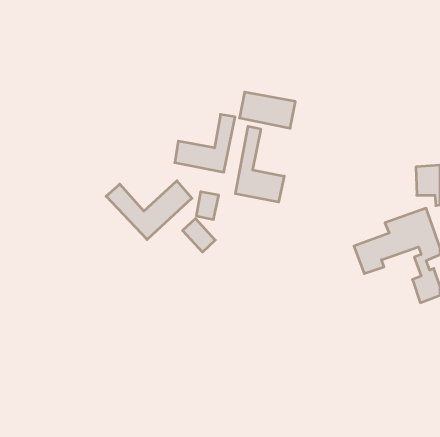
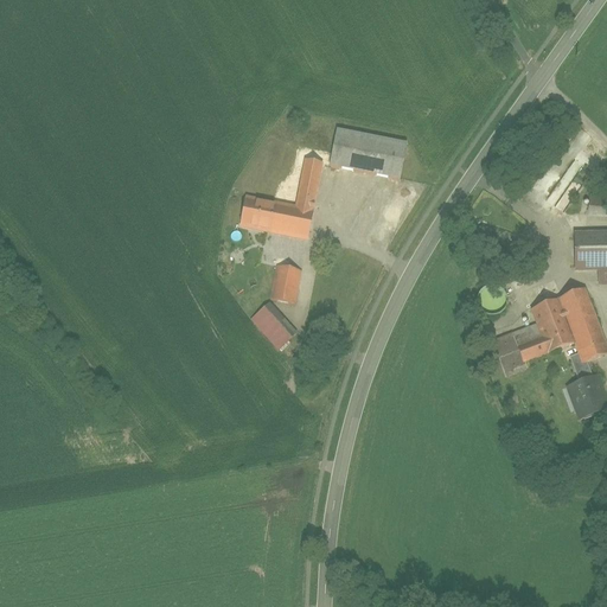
building: [235,126,284,202] -> none
building: [106,181,192,240] -> none

